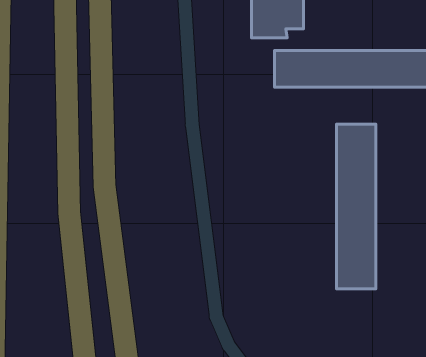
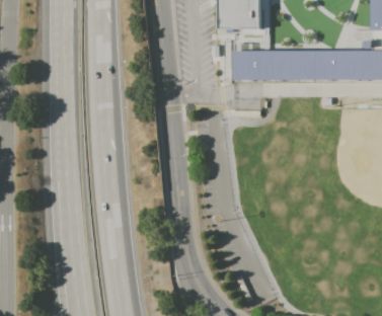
building: [337,124,376,289] -> none

